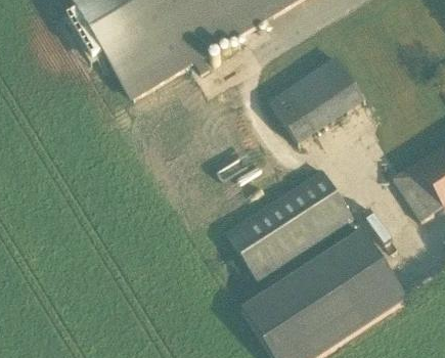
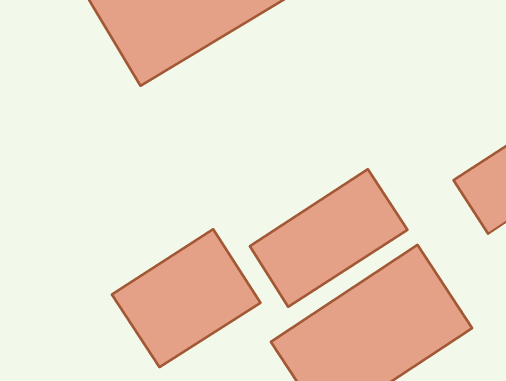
building: [269,56,364,144] -> none
building: none -> [112,229,261,367]

